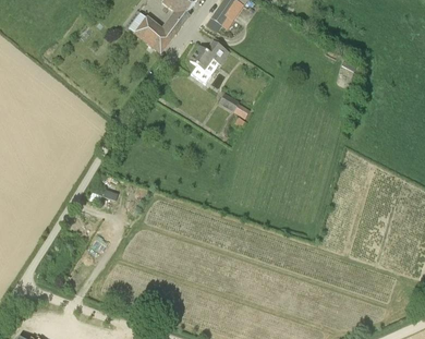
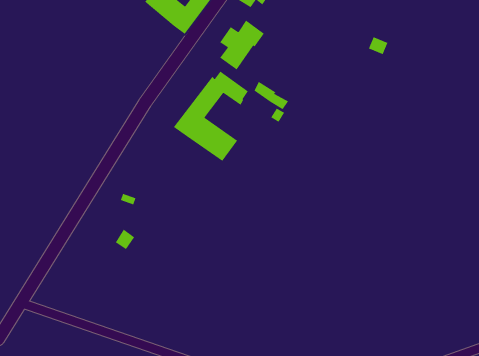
building: none -> [173,70,249,162]

